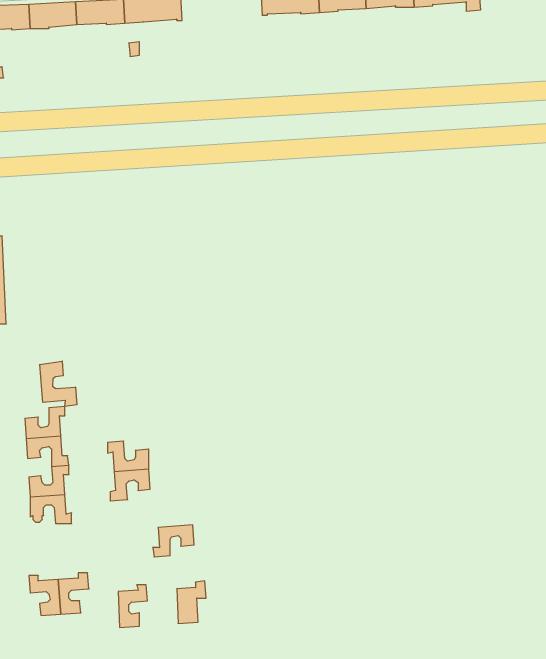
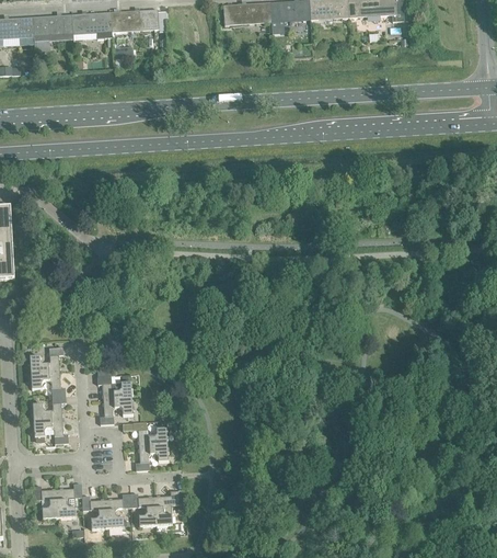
building: [40,361,77,406] -> none
building: none -> [132,422,167,447]
building: none -> [129,493,155,527]
building: none -> [81,497,107,531]

